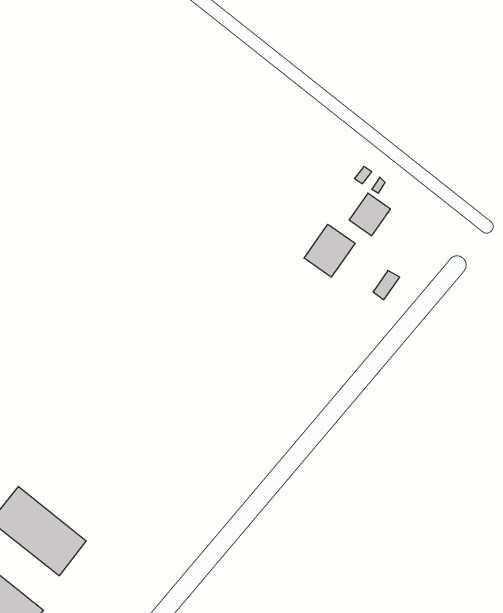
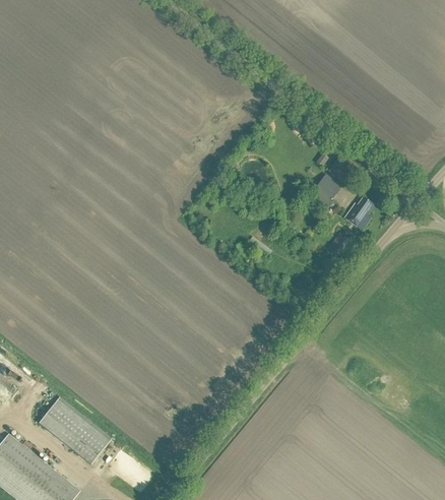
building: [304,224,355,277] -> none
building: none -> [344,197,374,231]

